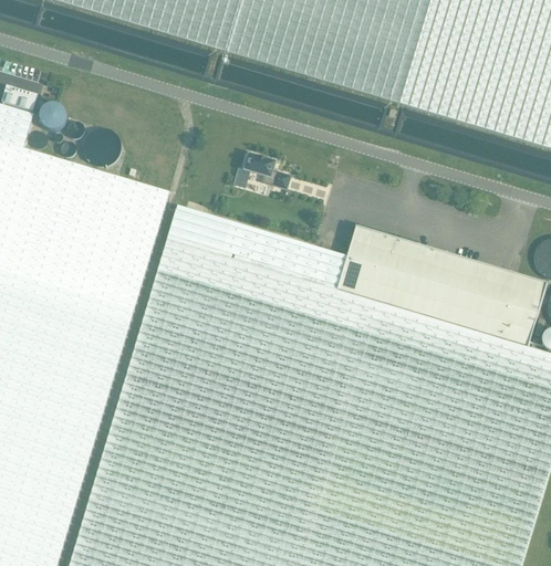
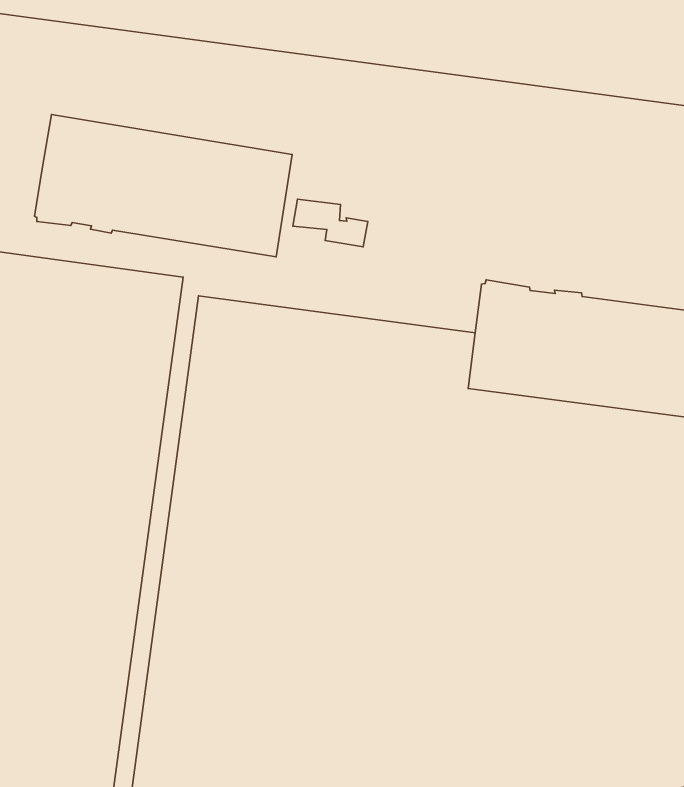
building: none -> [34,115,292,257]

